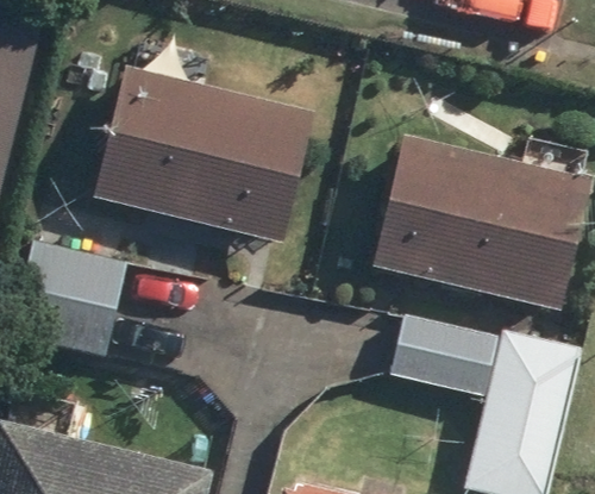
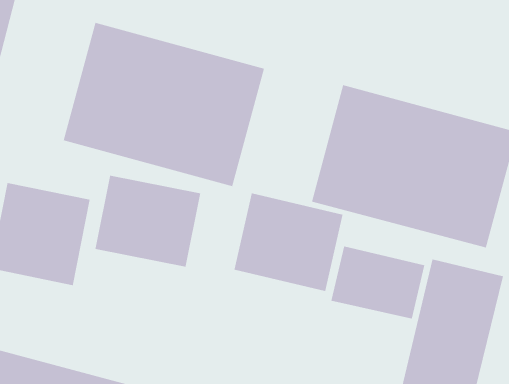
building: none -> [95,175,201,267]
building: none -> [234,192,343,292]

